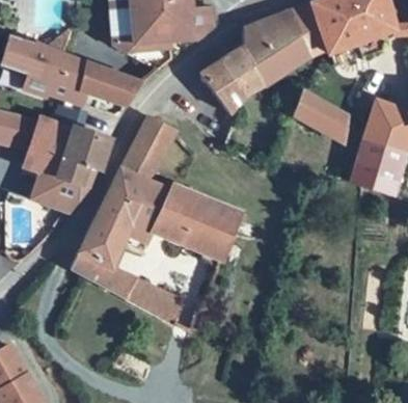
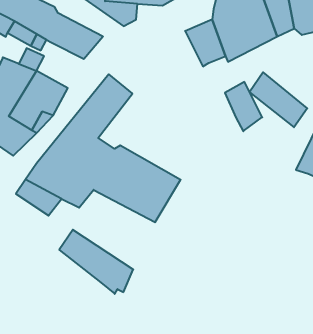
building: [201,63,242,112] -> [225,82,262,131]
building: [71,249,138,298] -> none

